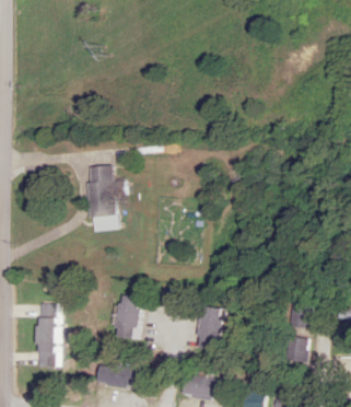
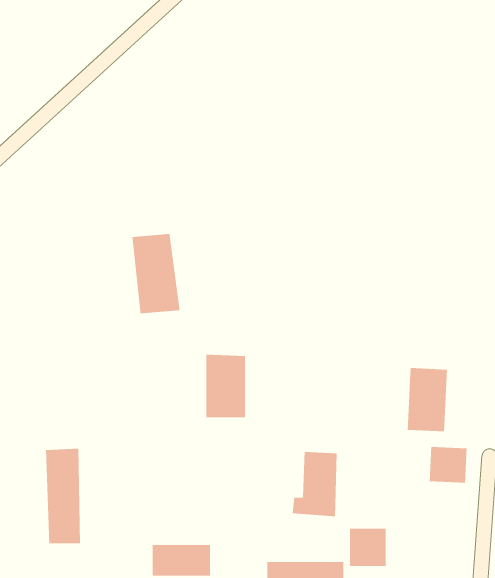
building: none -> [407,367,448,432]
building: [116,295,142,337] -> [205,354,246,418]
building: [280,336,304,361] -> [349,528,386,567]

